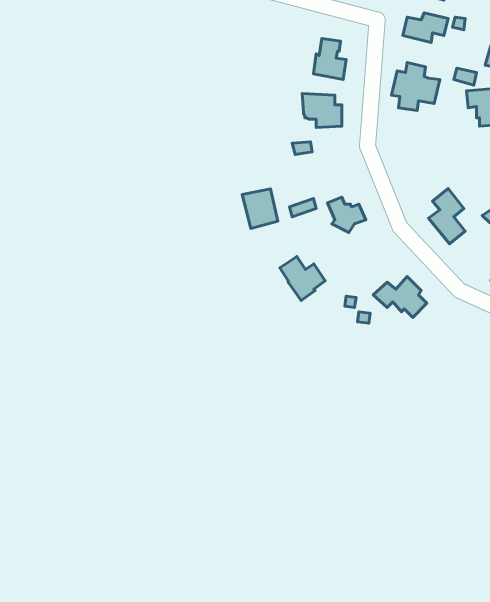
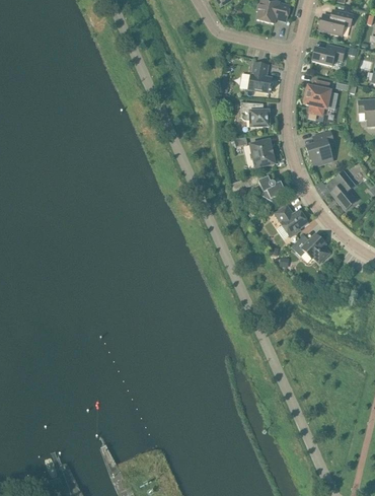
building: none -> [306,130,333,165]
building: [242,189,278,228] -> [249,139,275,167]
building: [280,257,325,301] -> [275,204,307,235]

